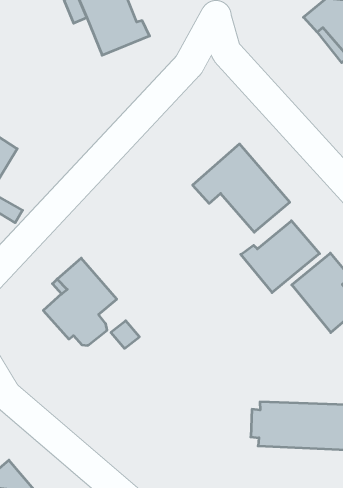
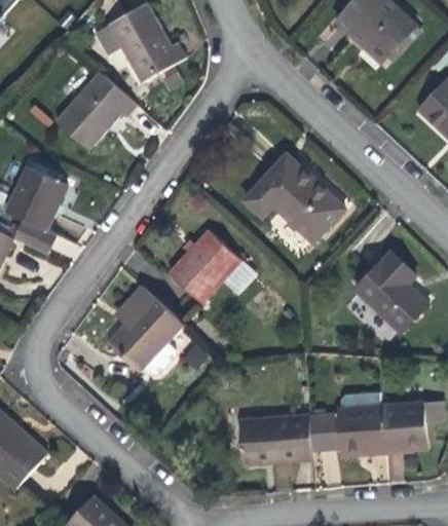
building: none -> [54,70,137,148]
building: none -> [170,231,240,302]
building: [241,221,320,293] -> none
building: none -> [238,416,311,464]

